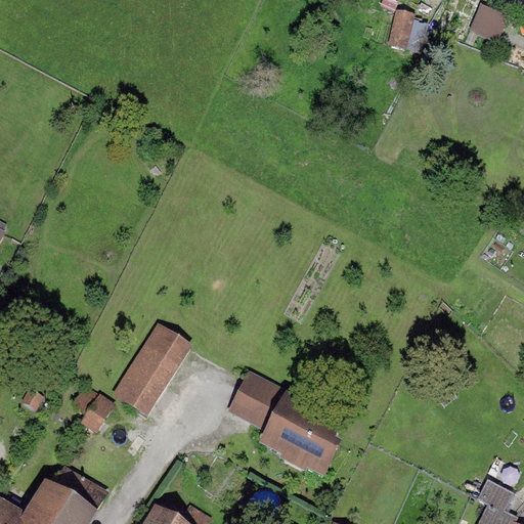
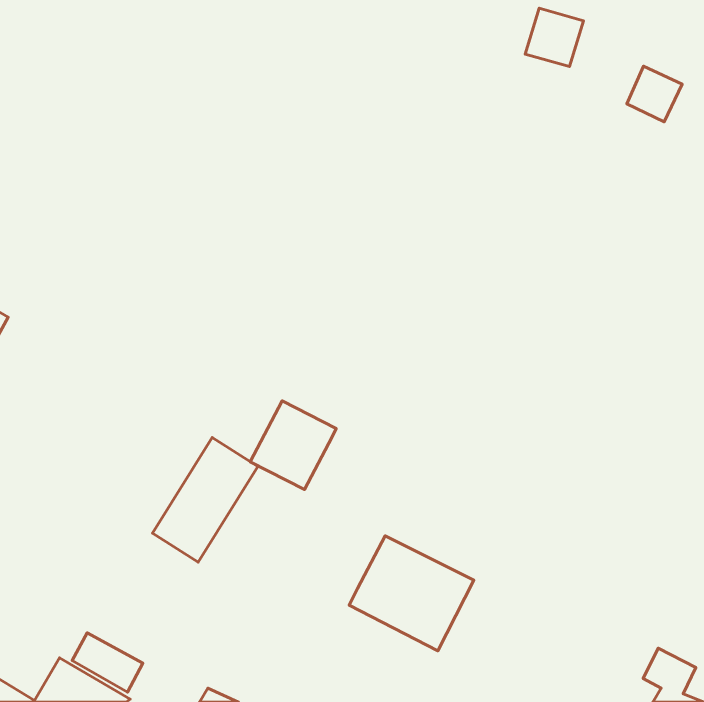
building: [469,4,510,45] -> [627,66,682,122]
building: [224,369,288,435] -> [250,401,336,490]
building: [74,388,115,433] -> none

